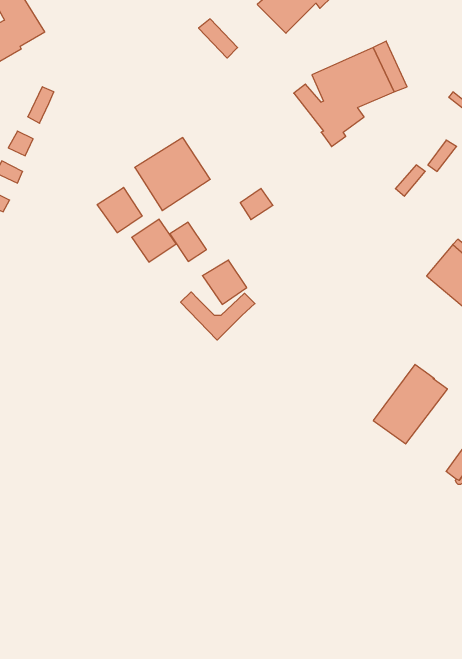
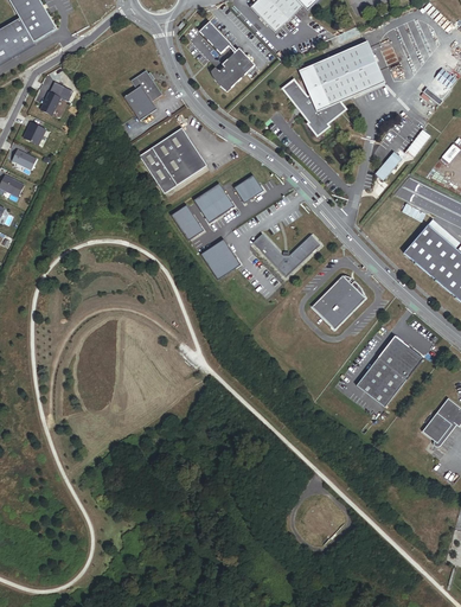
building: none -> [211,47,255,90]
building: none -> [123,69,162,119]
building: [97,187,142,233] -> none
building: [132,219,176,262] -> [194,183,235,222]
building: [181,292,255,340] -> [252,232,320,276]
building: none -> [312,274,366,327]

